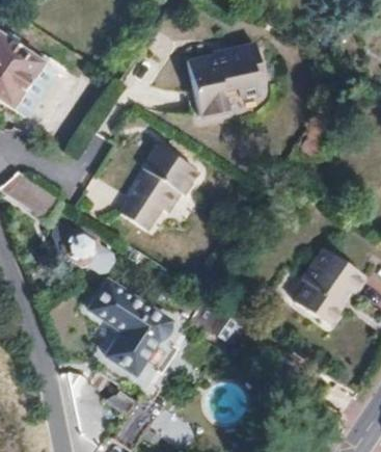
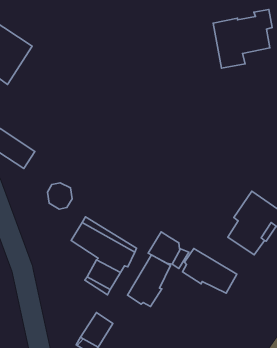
building: [188,41,261,112] -> [213,10,272,68]
building: [119,145,200,231] -> none
building: none -> [182,249,237,293]
building: none -> [128,255,170,307]

